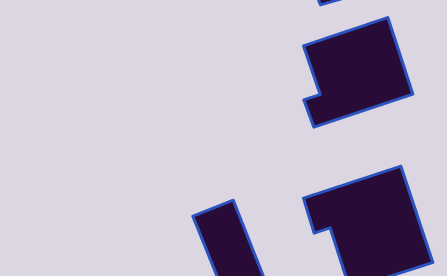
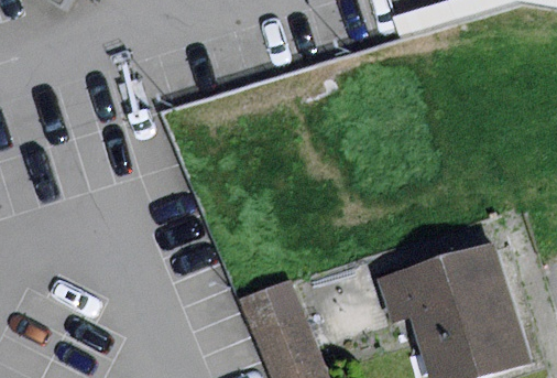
building: [304,18,413,127] -> none

